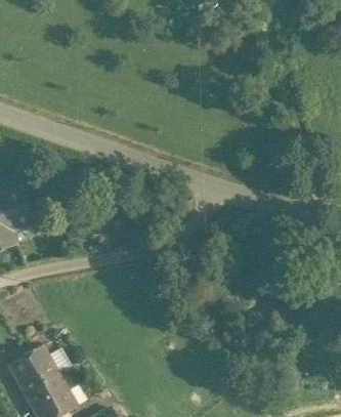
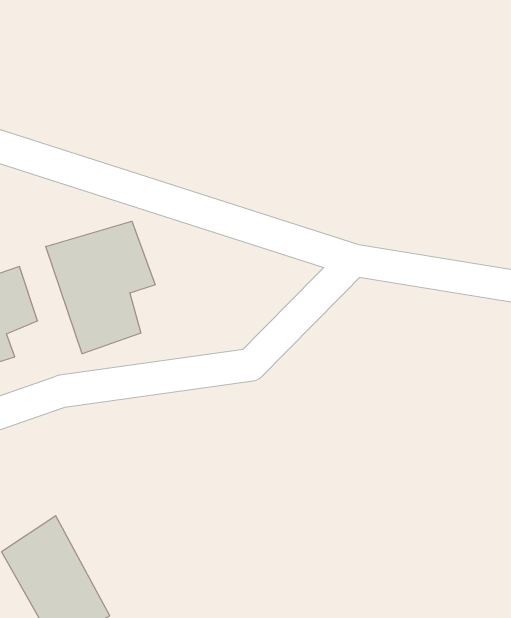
building: none -> [46,221,155,354]

